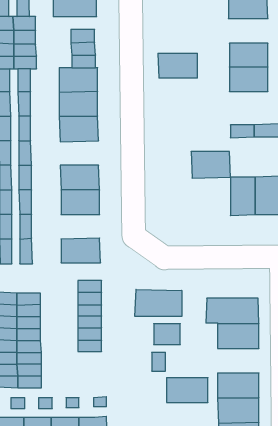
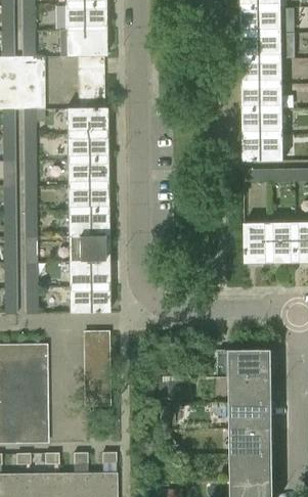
building: [158,53,197,78] -> [240,58,281,84]
building: none -> [65,185,105,211]
building: [191,152,230,178] -> [241,134,282,162]
building: none -> [67,262,106,287]
building: [135,289,182,316] -> none
building: [167,378,208,402] -> [229,401,272,426]

